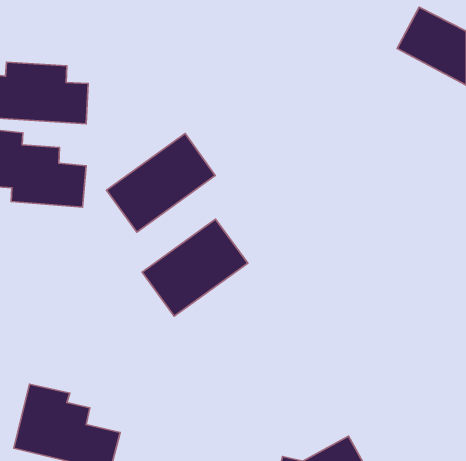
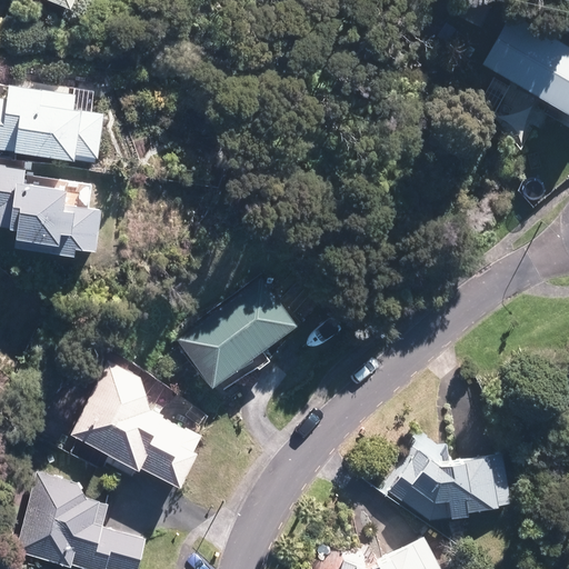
building: [107,134,215,232] -> none
building: none -> [69,358,207,488]
building: none -> [388,451,509,521]

